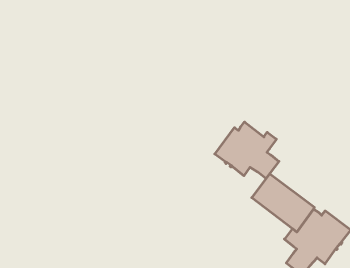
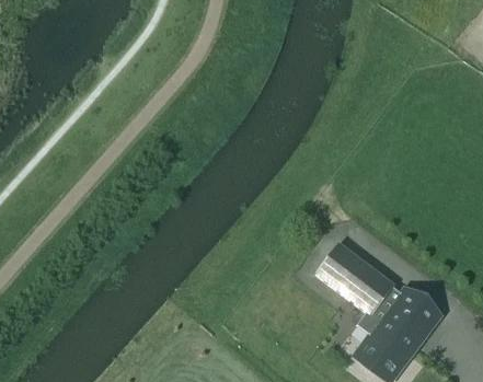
building: [215,122,279,178] -> none

